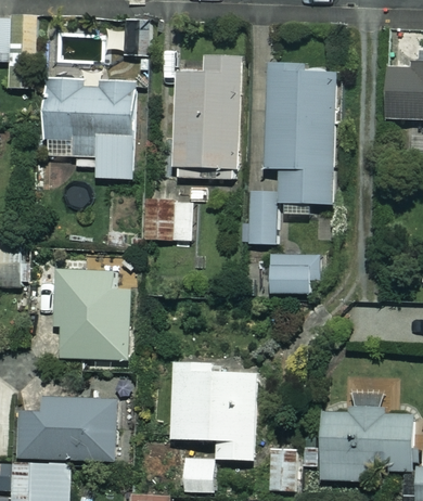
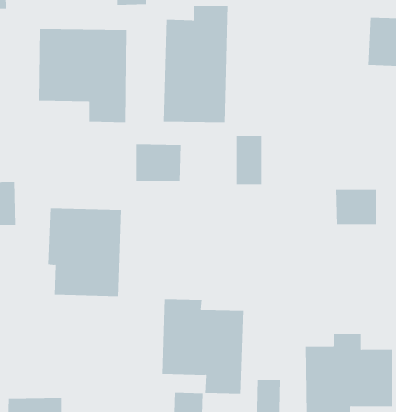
building: [265,72,335,215] -> none
building: [270,256,313,293] -> [335,189,377,225]
building: [17,398,120,460] -> none

